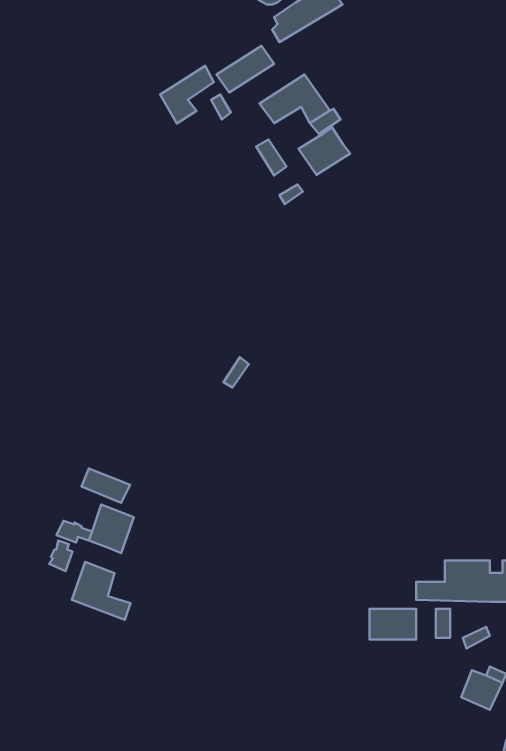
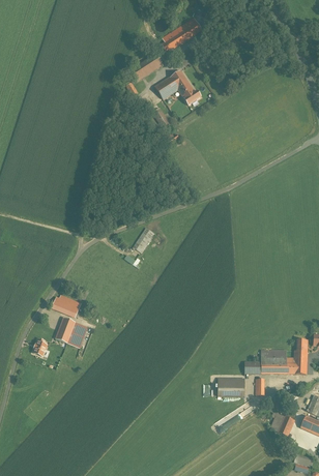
building: [160,66,214,124] -> none
building: [299,127,350,175] -> none
building: [72,562,131,620] -> none

